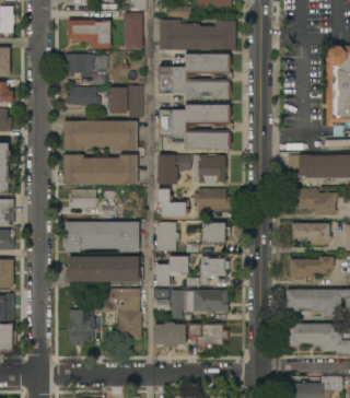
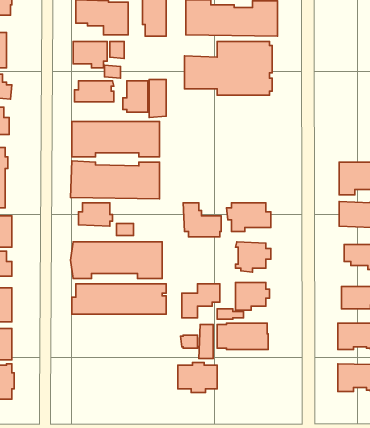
building: [159,105,233,150] -> none
building: [158,154,228,185] -> none
building: [156,223,179,251] -> none
building: [103,289,141,340] -> none
building: [68,311,95,347] -> none
building: [188,324,229,350] -> none

